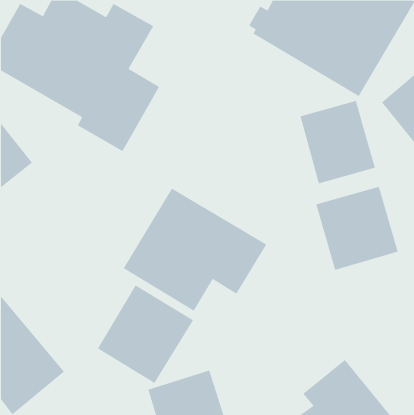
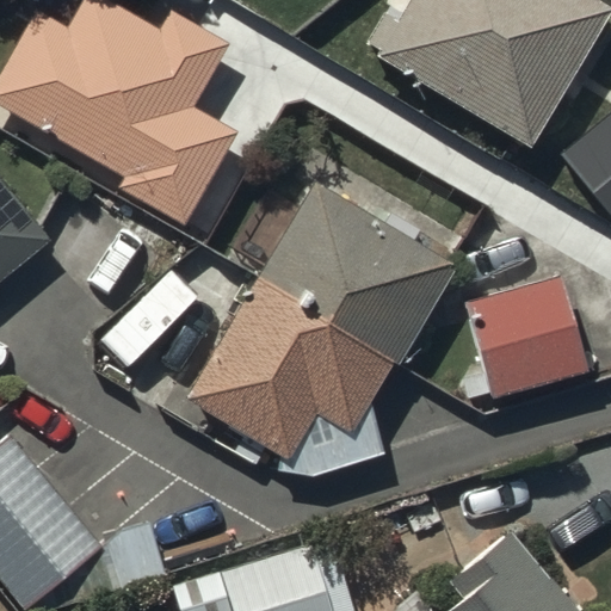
building: [300,100,375,184] -> none
building: none -> [257,181,458,364]
building: [97,285,194,384] -> none

